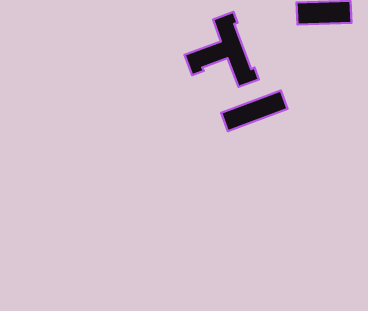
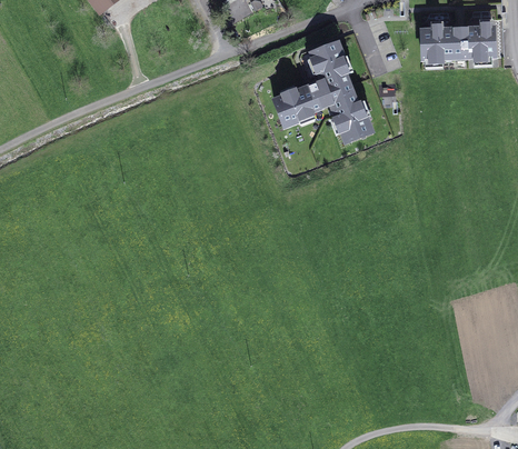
building: [221,90,287,131] -> none

